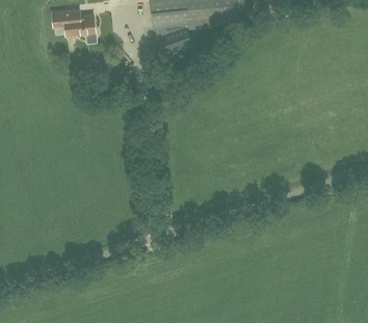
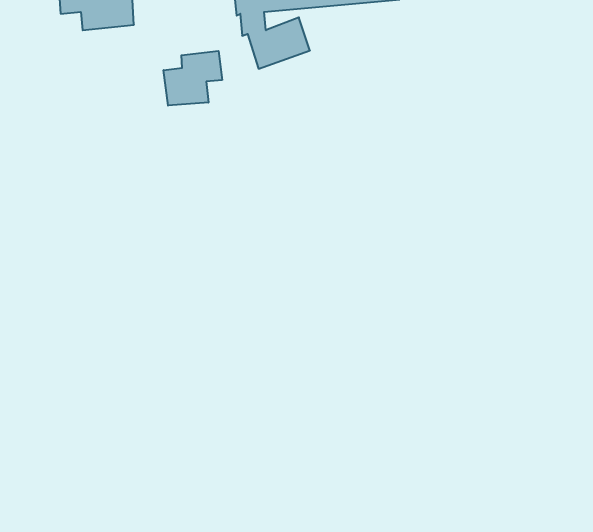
building: none -> [164,51,222,106]

